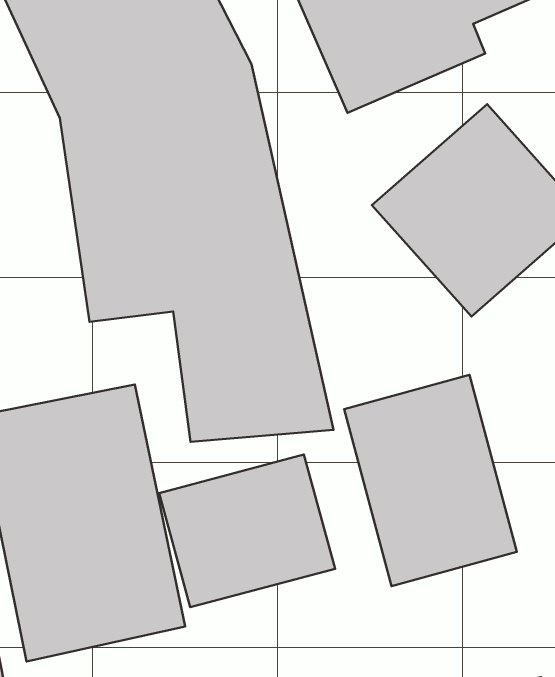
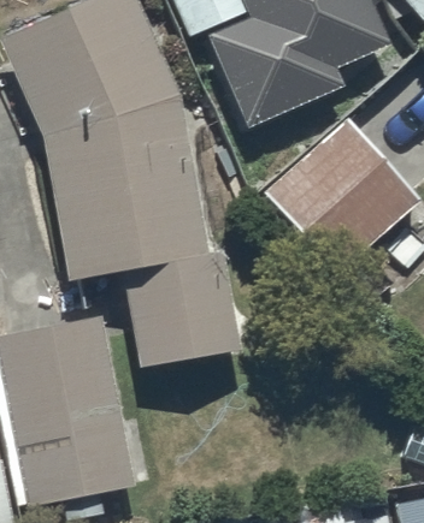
building: [344,375,517,586] -> none
building: [159,454,335,607] -> none

